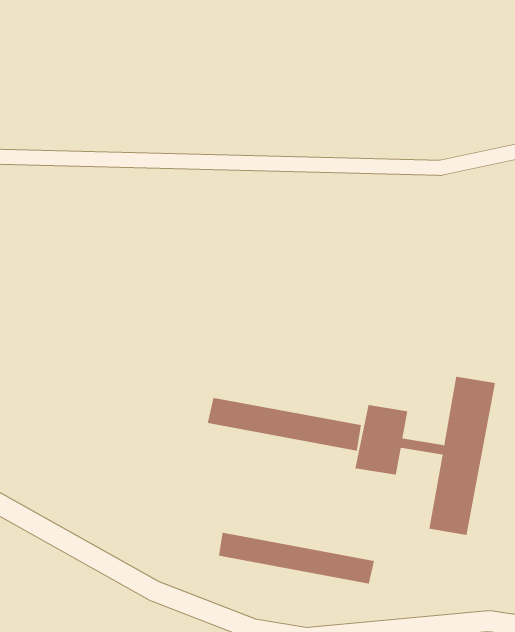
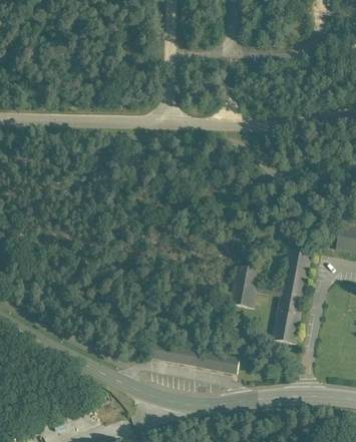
building: [207,397,362,451] -> none

